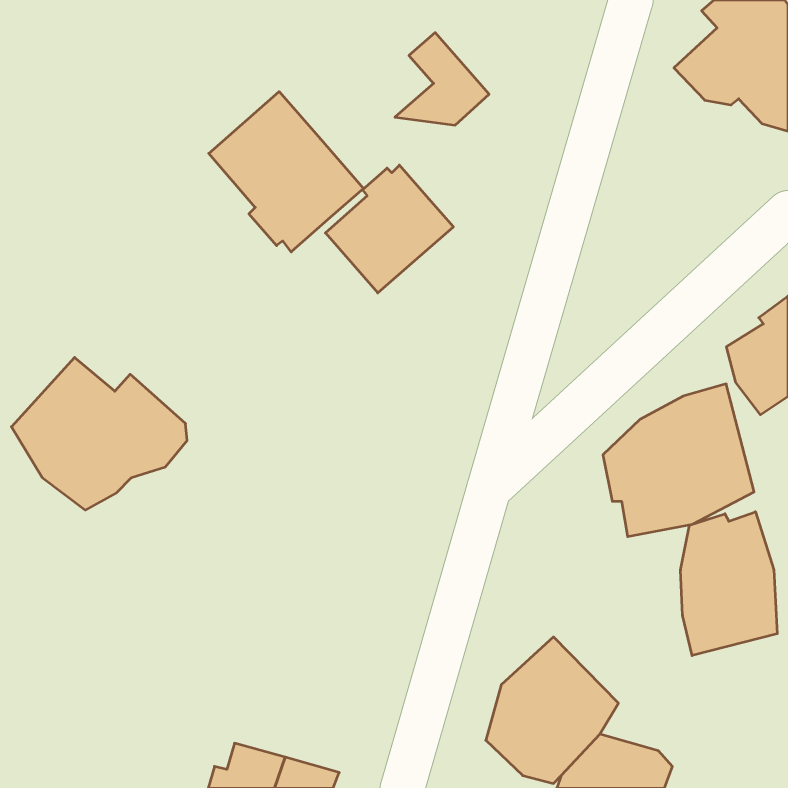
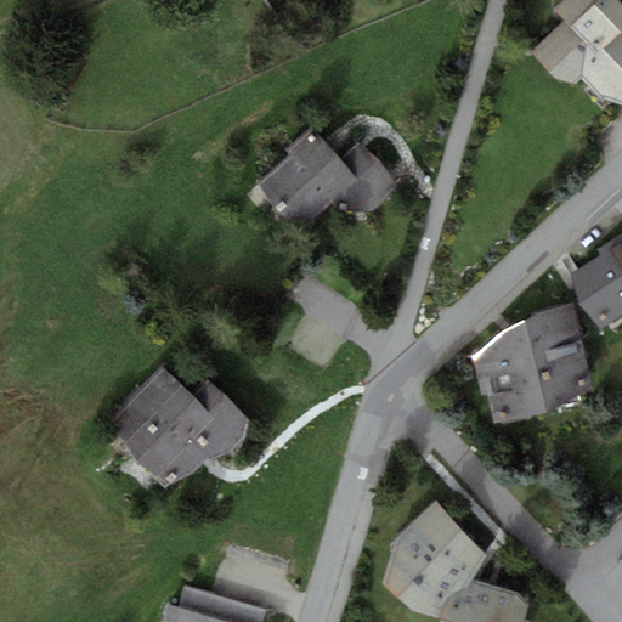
building: [395,33,489,125] -> [327,138,401,211]
building: [209,92,364,252] -> none
building: [11,357,187,510] -> [111,366,249,486]
building: [681,512,777,656] -> none

